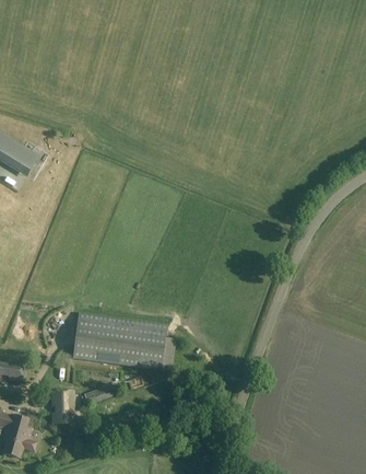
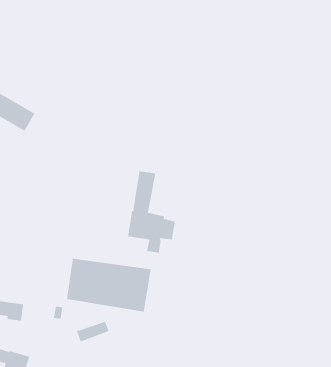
building: none -> [127,171,175,253]
building: [51,391,75,424] -> none

